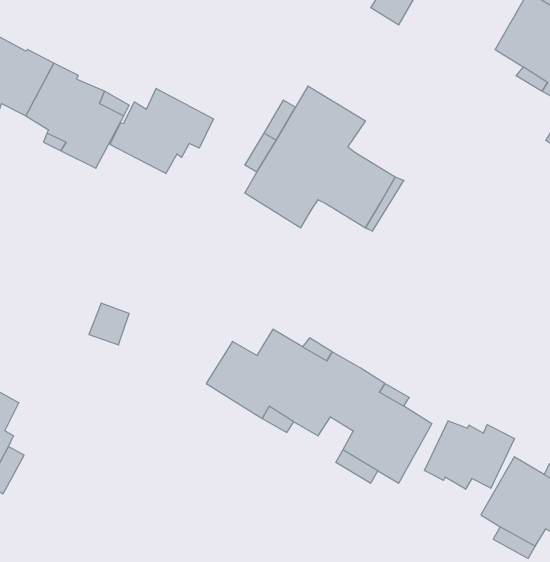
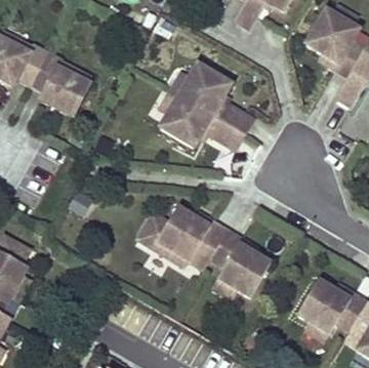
building: [110,88,213,174] -> none
building: [424,421,514,489] -> none

